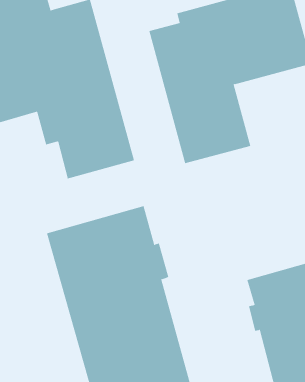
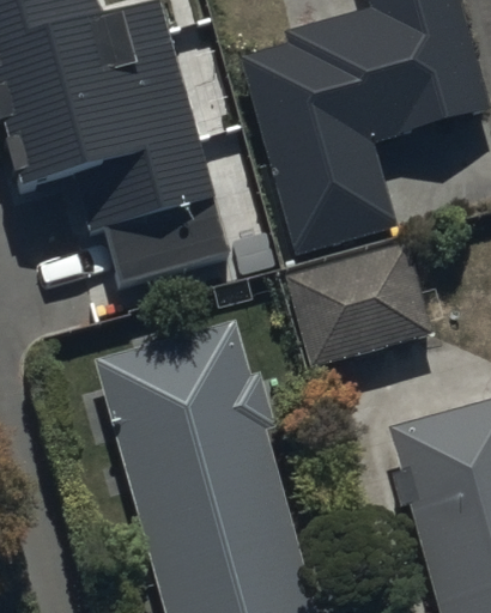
building: none -> [293,238,440,364]

